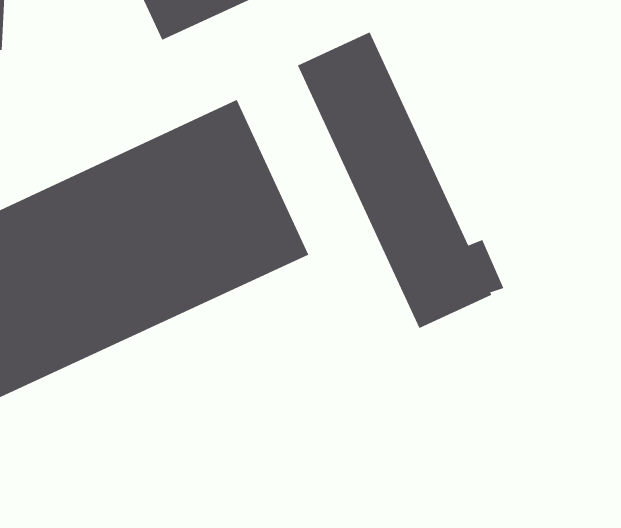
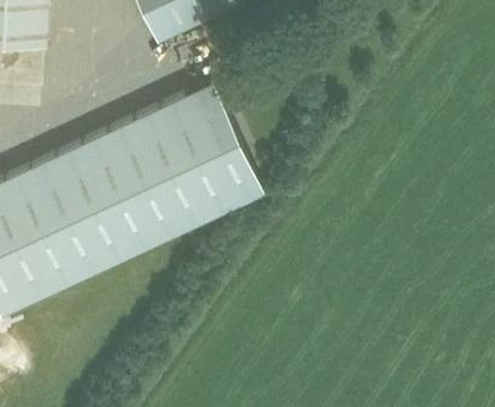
building: [297,32,504,329] -> none

